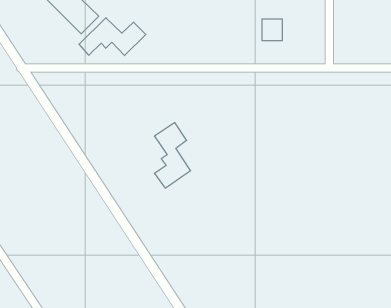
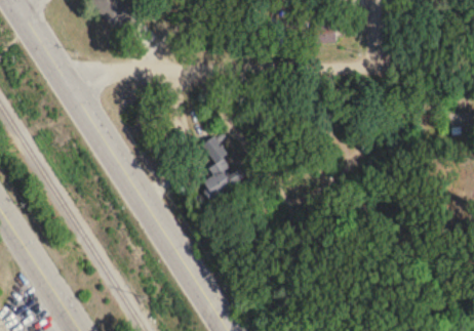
building: [79,18,146,56] -> none

